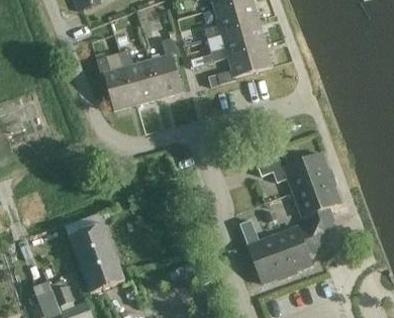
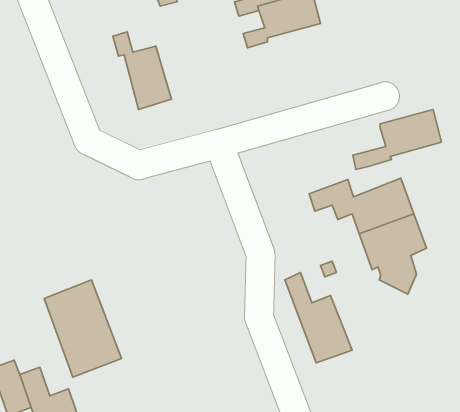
building: [149,37,183,97] -> none
building: [208,43,271,86] -> [353,109,442,170]
building: [96,56,136,110] -> none
building: [272,224,326,274] -> none

